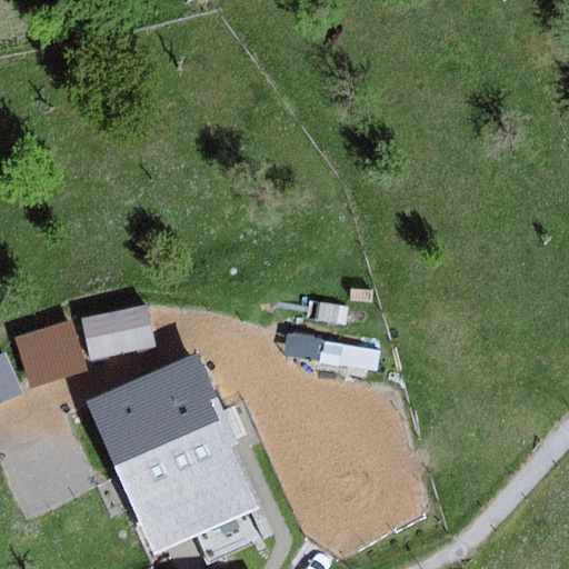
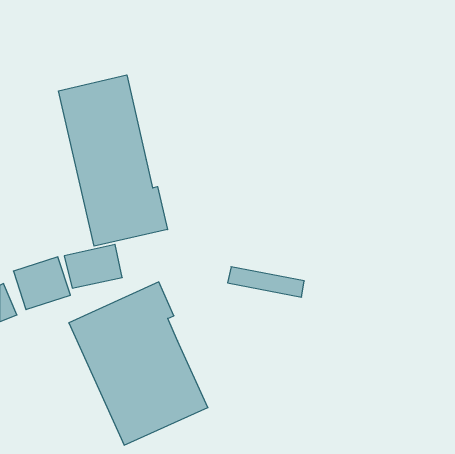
building: none -> [59,75,168,246]

